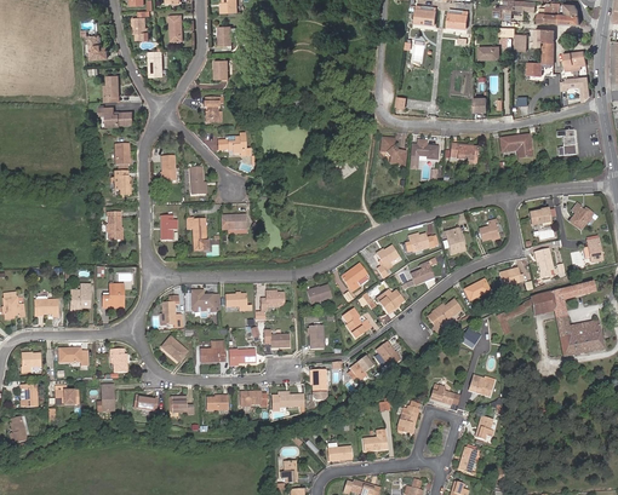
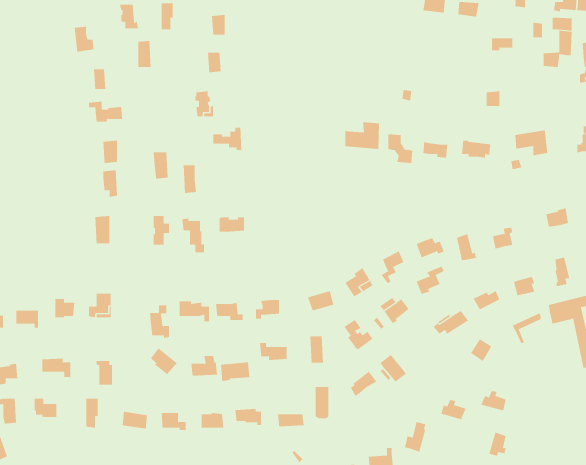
building: none -> [345,122,380,150]

